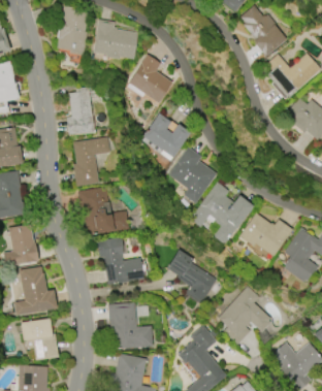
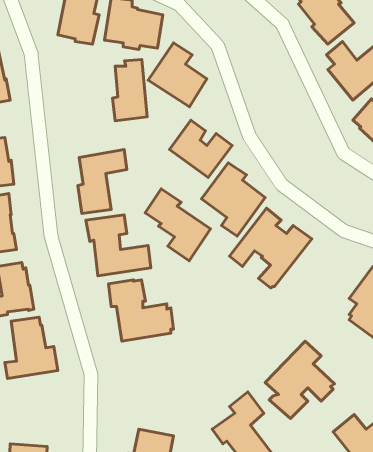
building: [67,87,94,134] -> [112,59,147,121]
building: [238,213,292,256] -> none
building: [167,249,218,304] -> [145,189,210,261]
building: [108,301,154,349] -> none
building: [21,318,59,360] -> none

